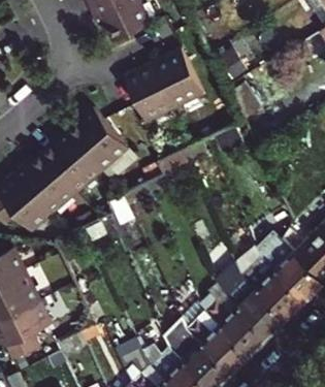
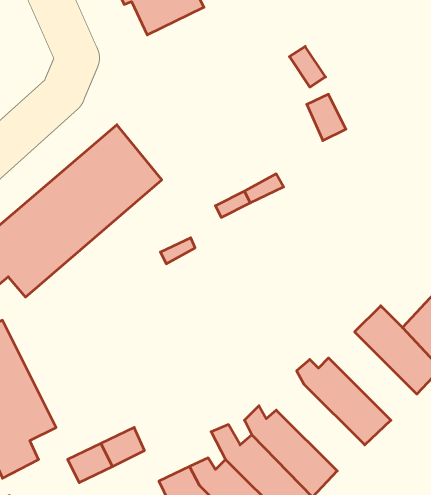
building: [127,52,206,123] -> none
building: [238,255,305,318] -> none
building: [200,291,268,355] -> none

